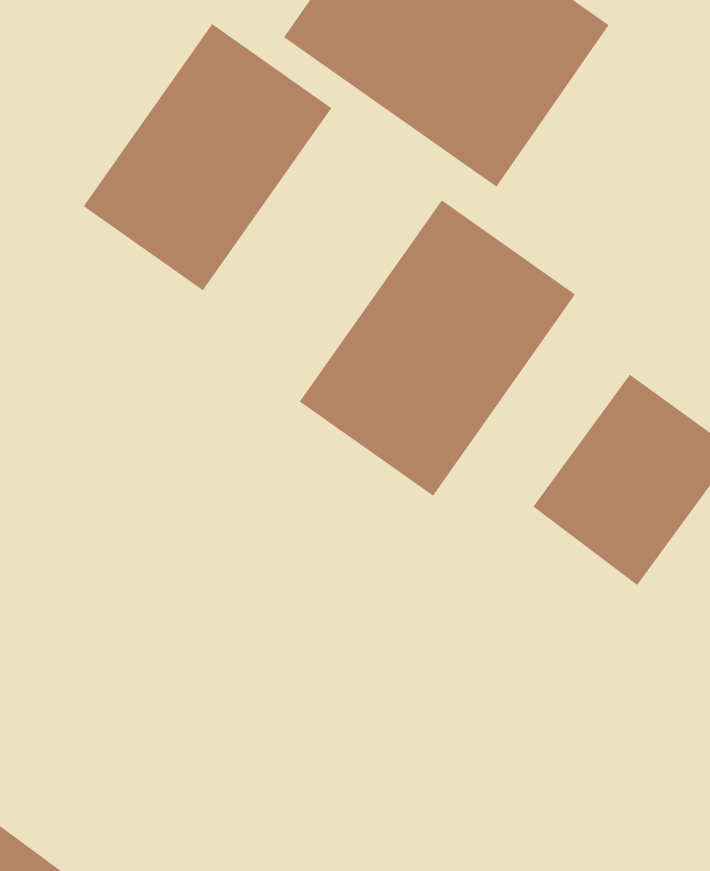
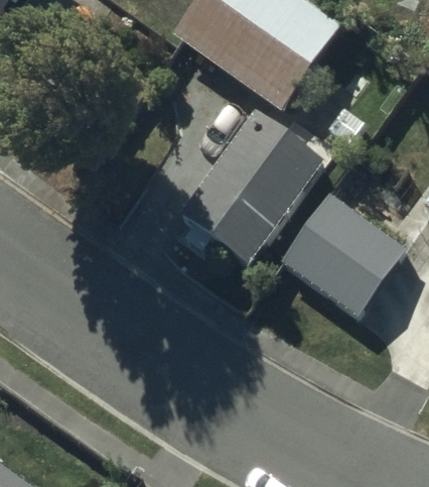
building: [83,23,332,291] -> none

